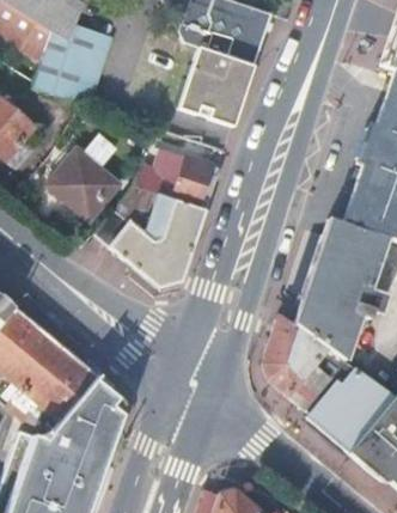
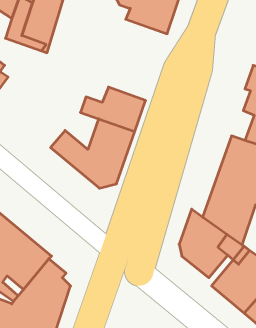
building: [178,63,249,129] -> none
building: [50,151,121,221] -> none

